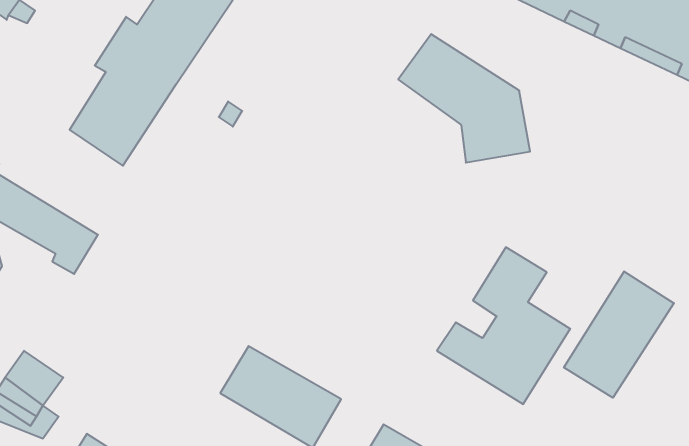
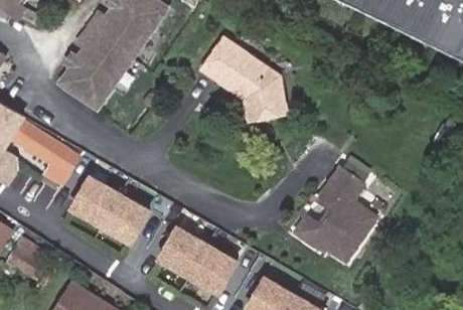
building: [398,34,530,163] -> [205,37,290,120]
building: none -> [69,177,147,243]
building: [564,271,674,398] -> none

